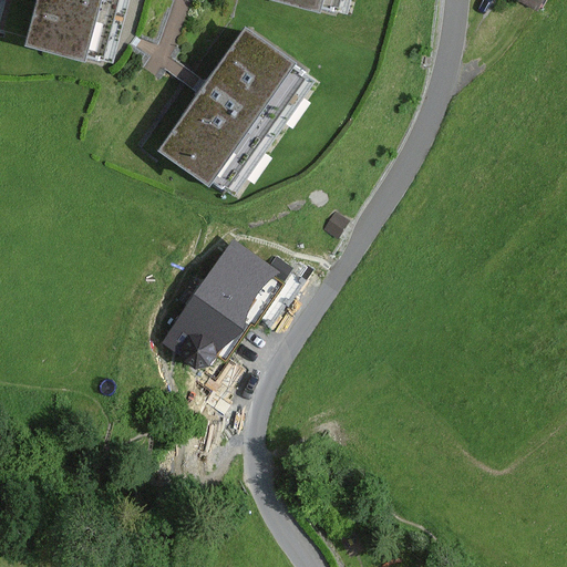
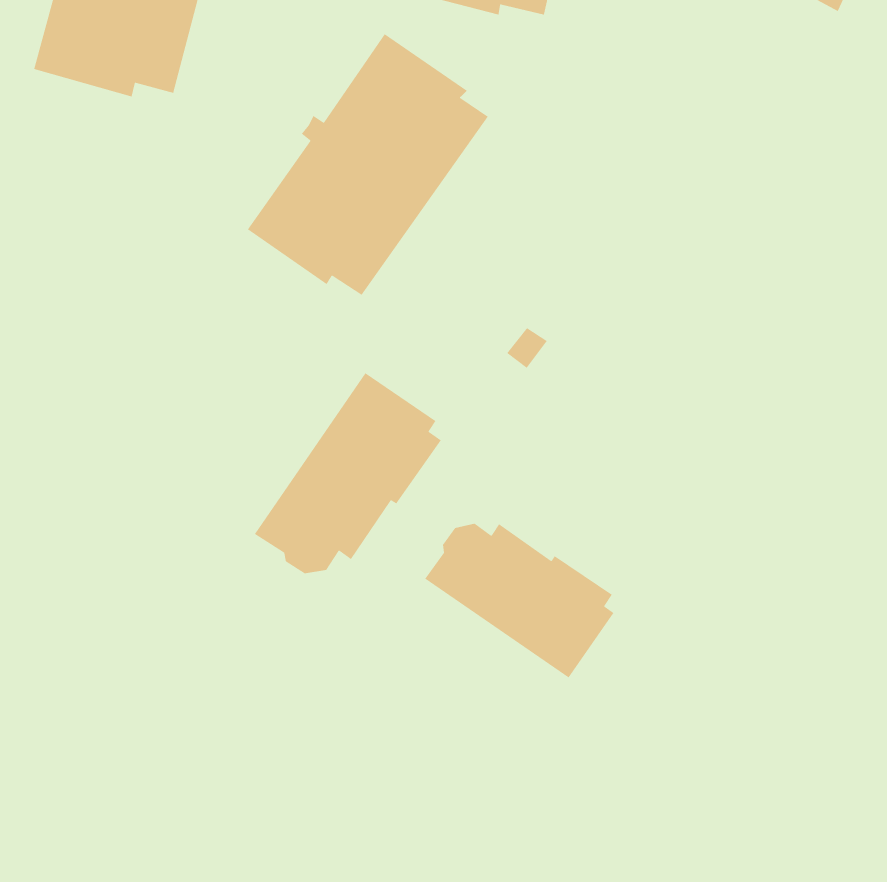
building: none -> [424,523,614,678]

